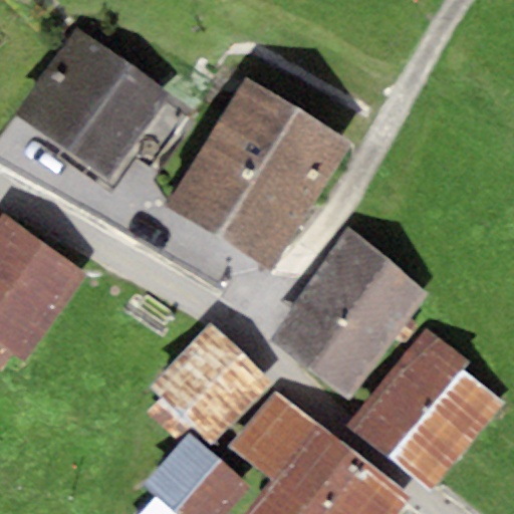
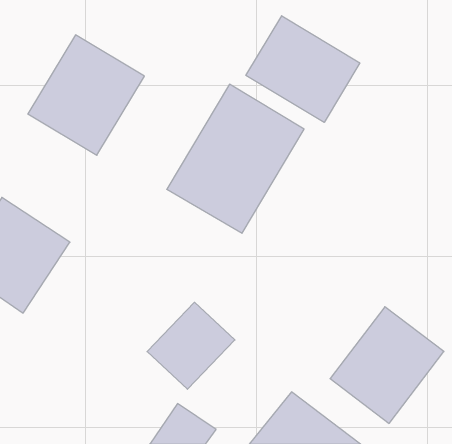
building: none -> [246,16,360,122]
building: [289,249,414,383] -> none
building: [231,392,313,476] -> none

